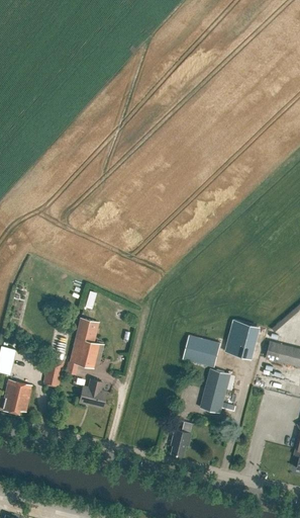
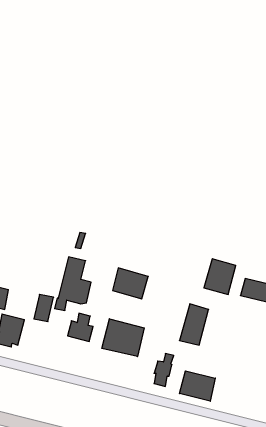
building: [183,334,221,367] -> [113,268,148,299]
building: none -> [102,319,144,357]
building: none -> [180,371,215,401]

